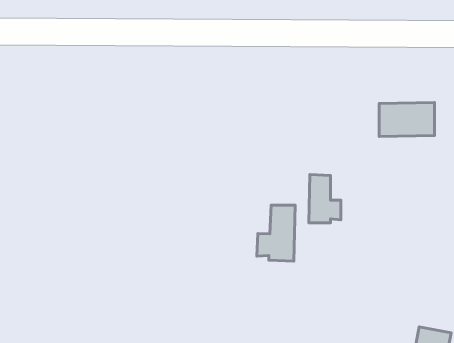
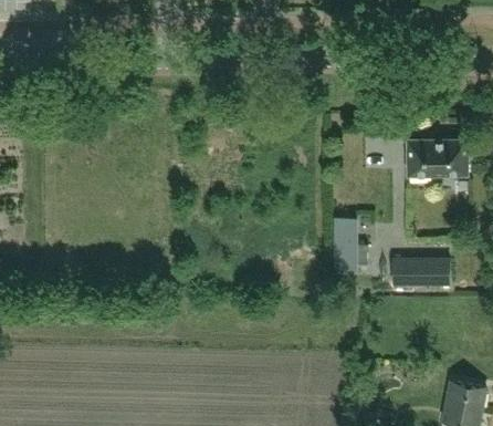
building: [257,205,295,261] -> none
building: none -> [391,260,449,284]

